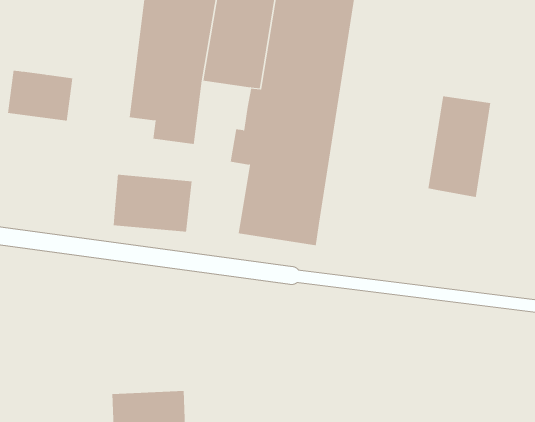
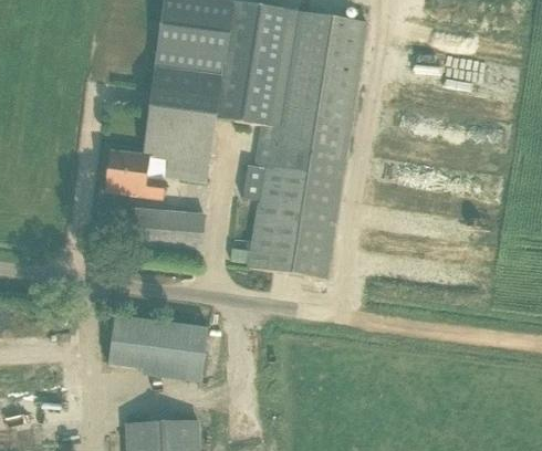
building: [7,70,73,121] -> [104,149,168,199]
building: [428,96,491,198] -> none
building: none -> [107,315,208,375]

